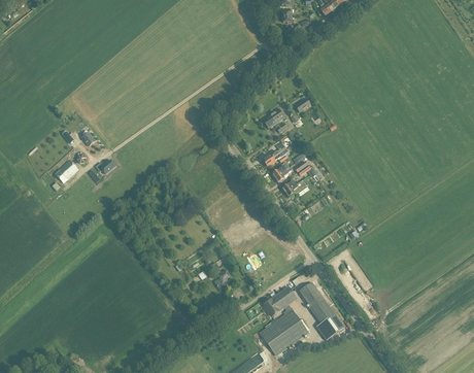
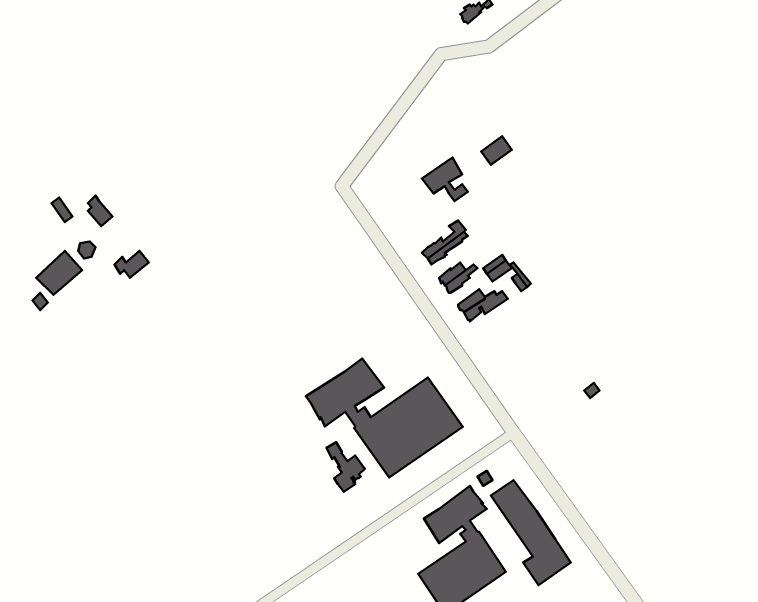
building: none -> [306,359,463,477]

